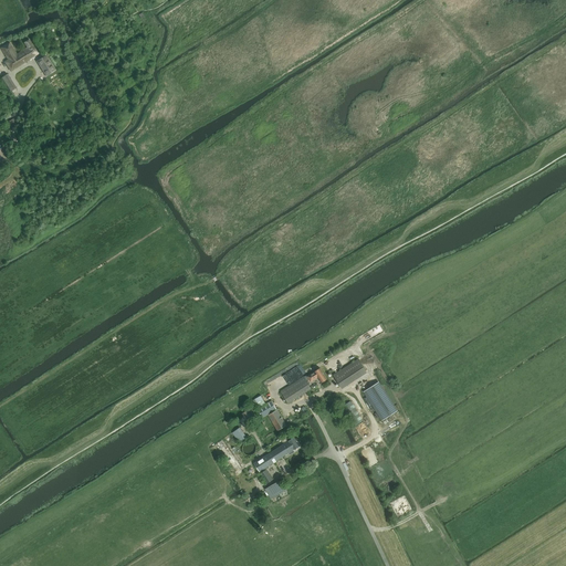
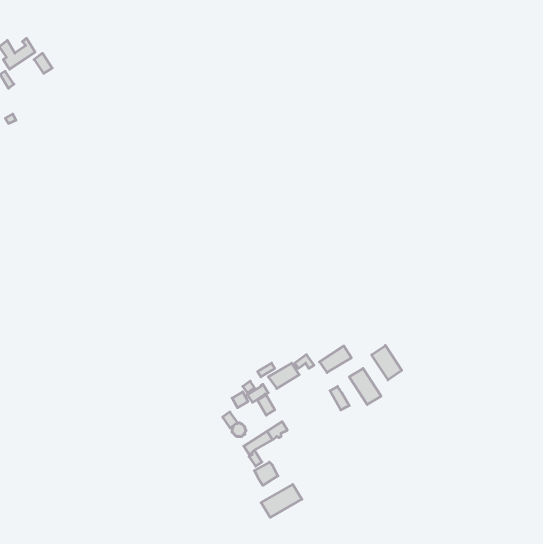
building: none -> [372,345,402,380]
building: none -> [261,484,302,517]

